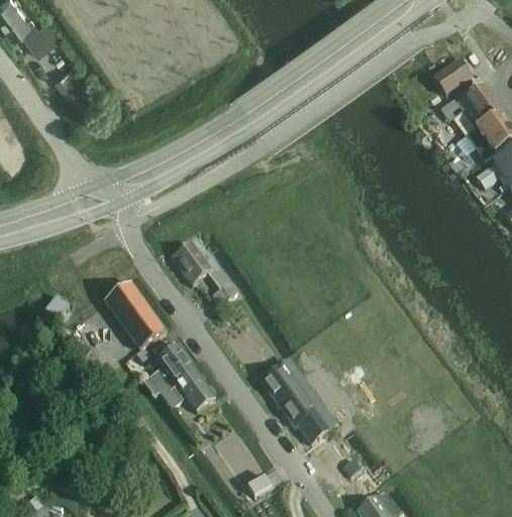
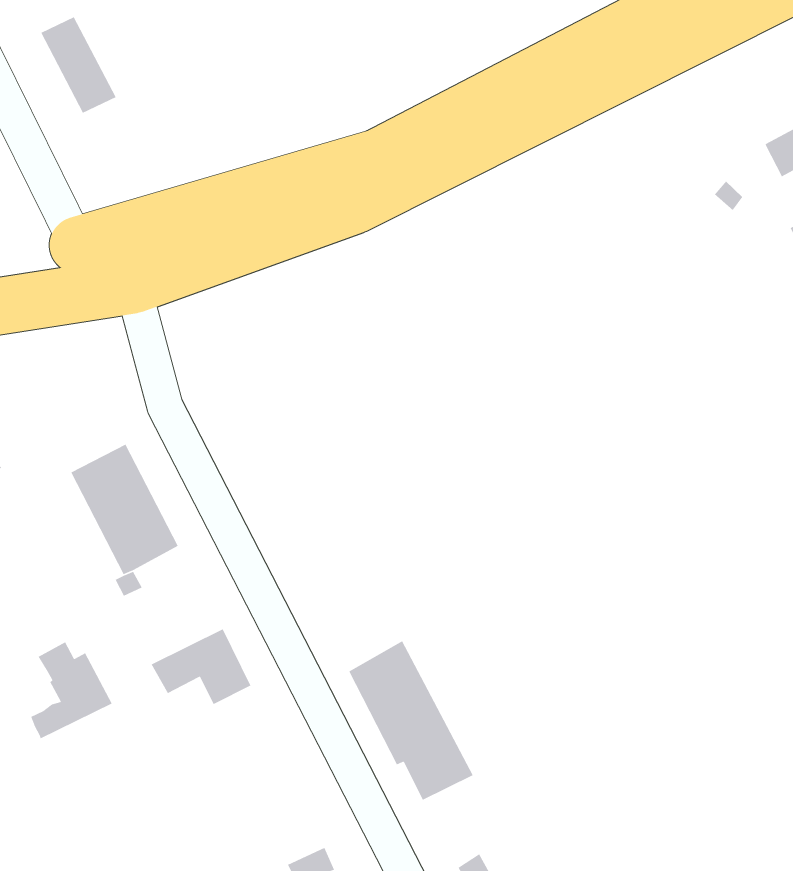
building: [171,240,237,304] -> none
building: [152,339,195,392] -> [30,641,113,740]

